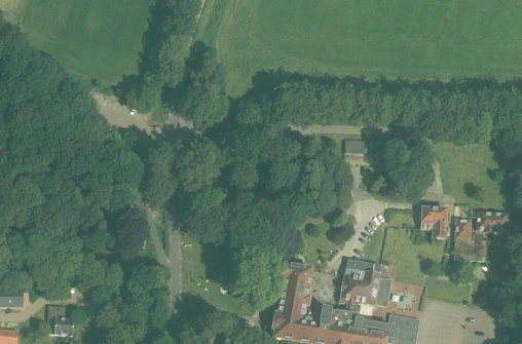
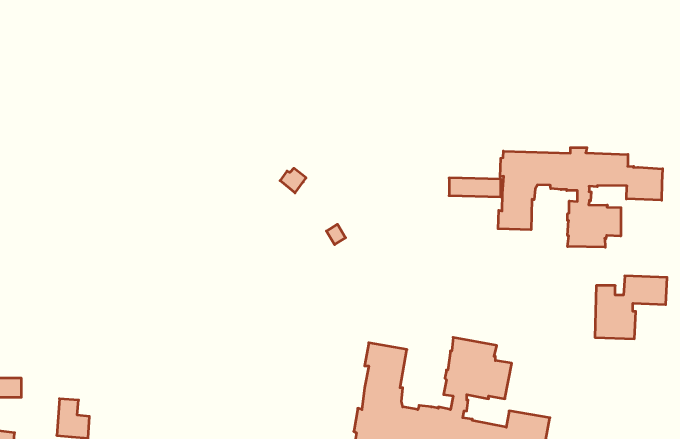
building: none -> [498,148,663,247]
building: [421,209,450,239] -> none

